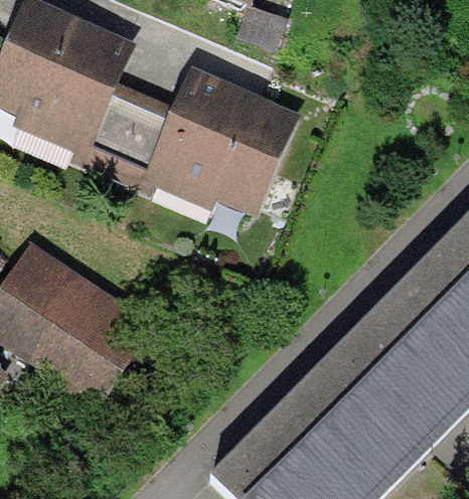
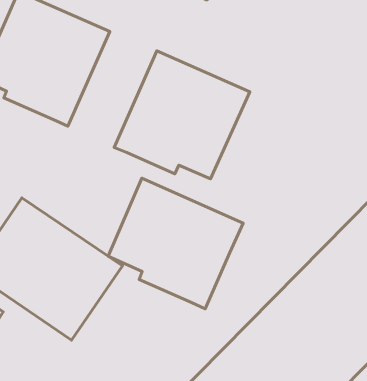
building: [65,82,173,197] -> none
building: none -> [108,178,243,309]

